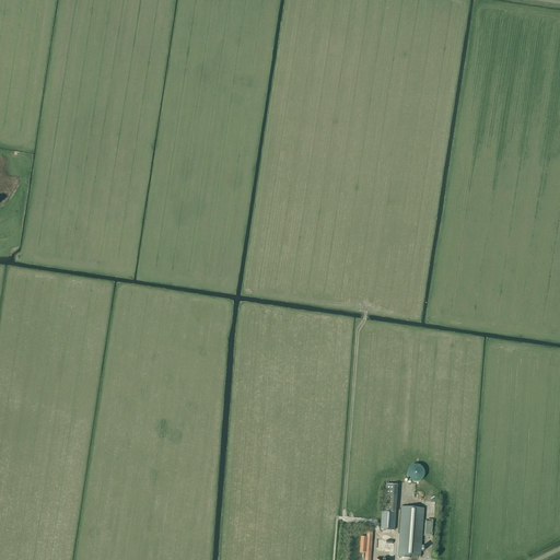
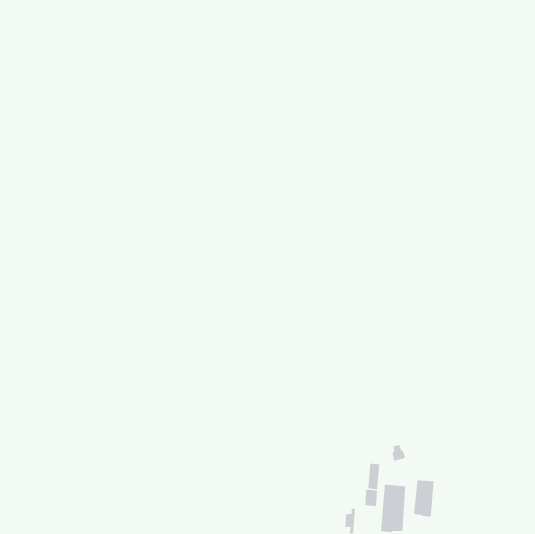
building: none -> [413,479,435,518]

